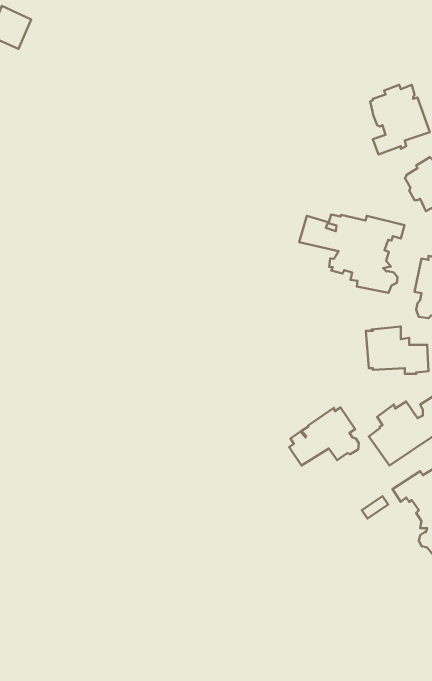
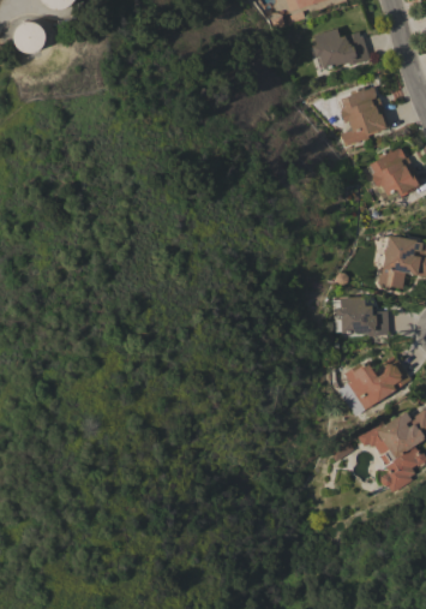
building: none -> [313,28,370,70]
building: [299,215,404,293] -> none
building: [289,407,359,466] -> none

